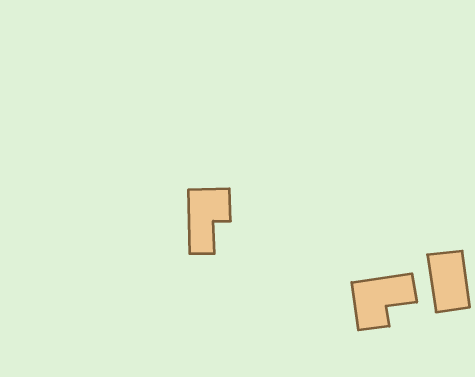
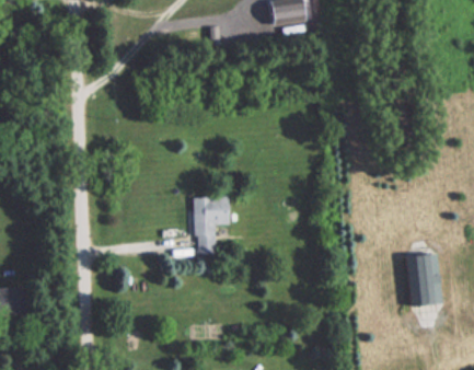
building: [352,274,417,330] -> none

